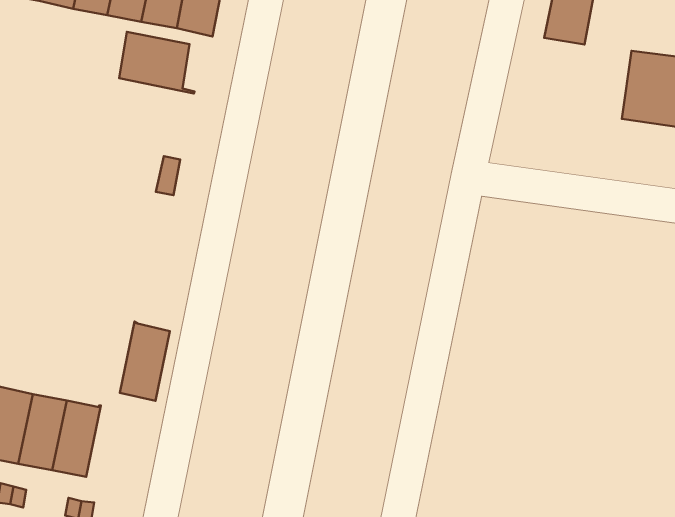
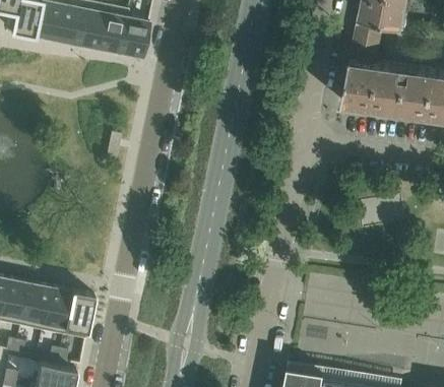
building: [119,32,194,94] -> none
building: none -> [341,61,404,112]
building: [120,322,170,401] -> [62,292,93,341]

